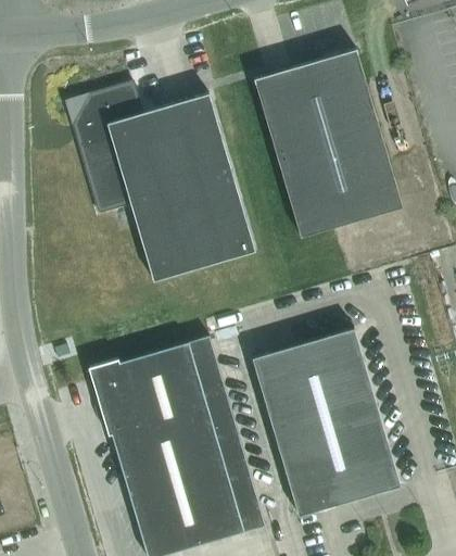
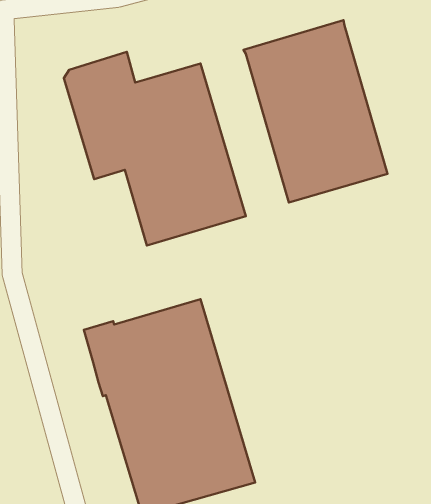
building: [252,328,400,516] -> none

